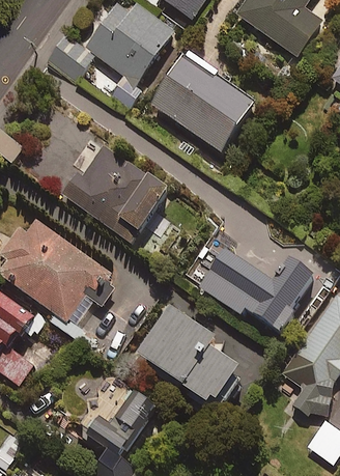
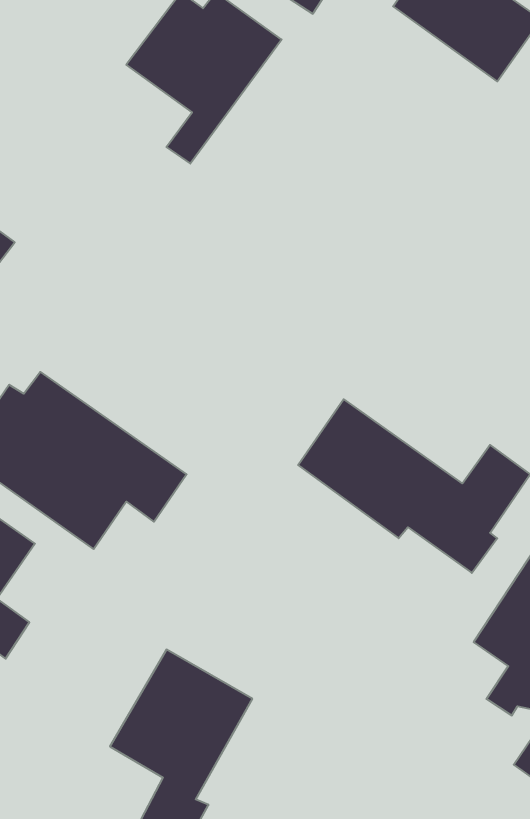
building: [153,53,256,152] -> none
building: [67,145,169,243] -> none
building: [141,306,246,413] -> none

